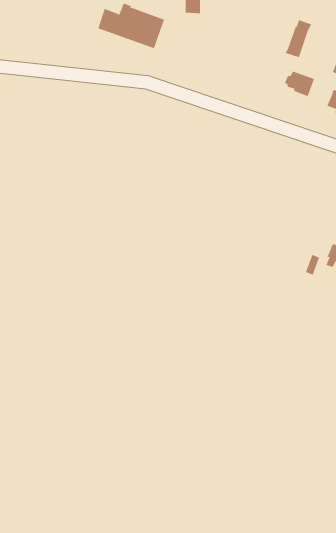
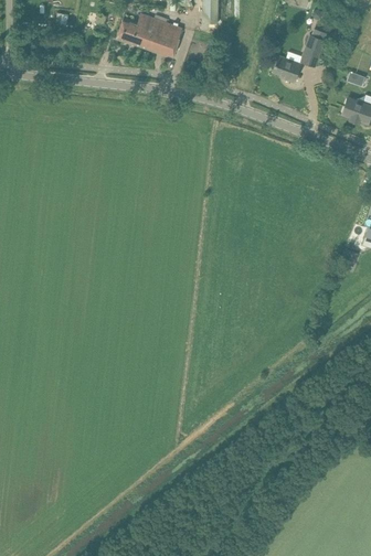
building: [284,71,315,97] -> [271,56,300,82]

